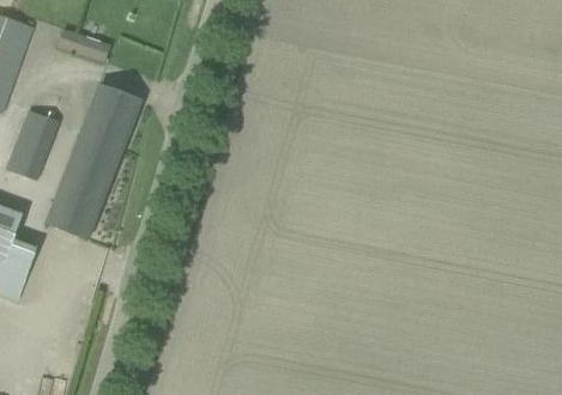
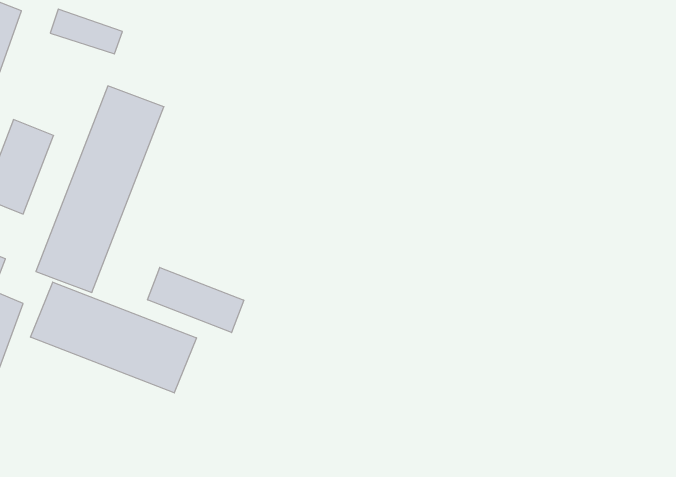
building: none -> [148,267,244,333]
building: none -> [31,282,196,393]

